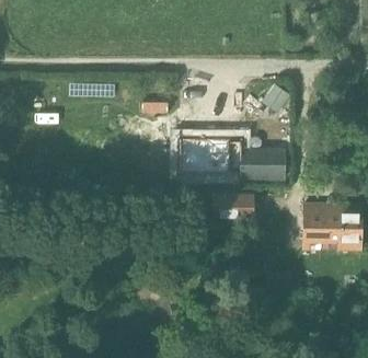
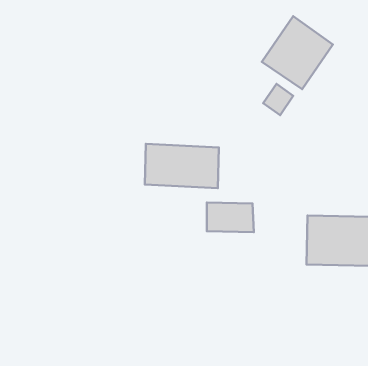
building: none -> [262,16,333,89]
building: [240,148,284,178] -> none

